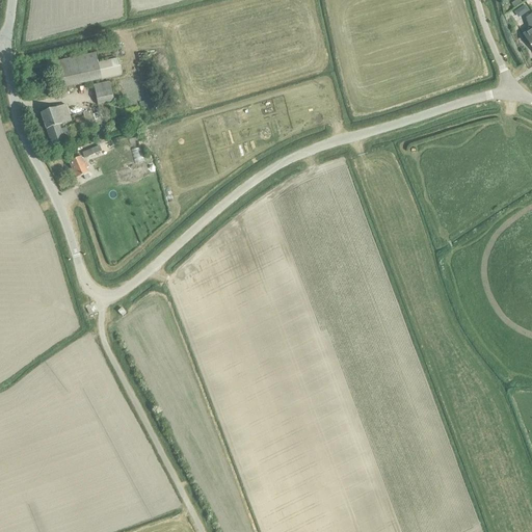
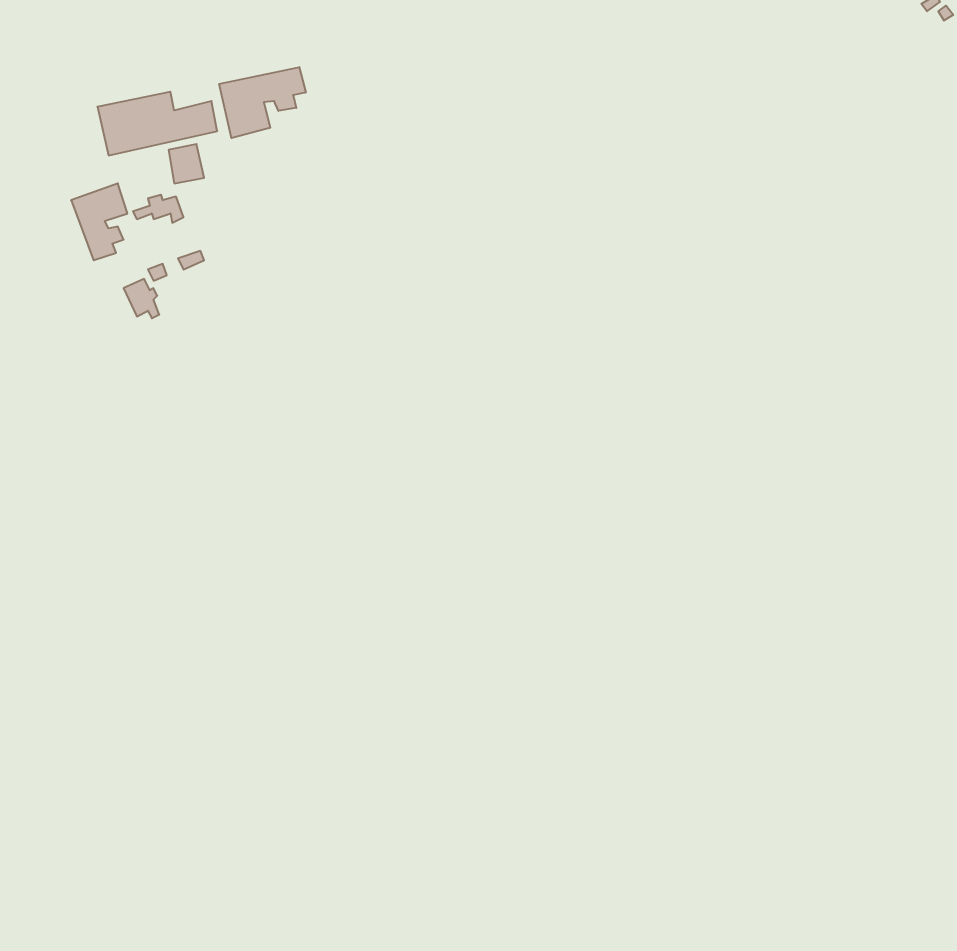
building: none -> [219,67,306,138]

